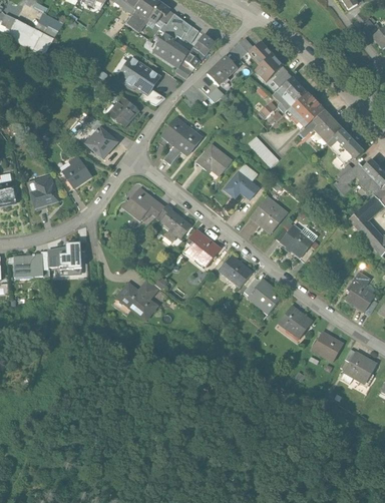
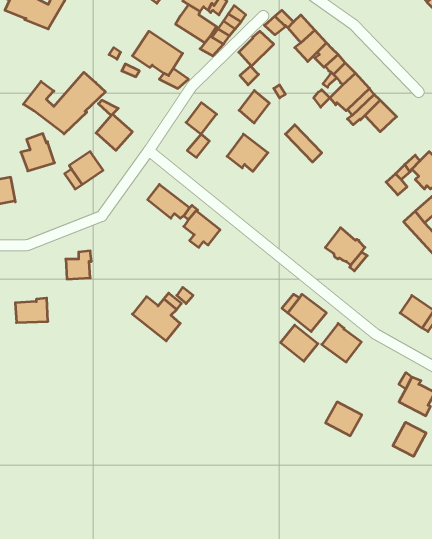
building: none -> [23,72,105,134]
building: [106,96,137,124] -> none
building: [174,126,201,154] -> [239,90,269,123]
building: [326,128,363,165] -> none
building: [223,171,258,199] -> none
building: [29,175,58,207] -> [21,134,55,171]
building: [250,196,287,231] -> none
building: [185,228,221,266] -> none
building: [13,254,41,275] -> [15,298,48,323]
building: [220,257,252,288] -> [281,325,318,361]
building: [312,333,343,362] -> [326,402,362,436]
building: none -> [393,422,426,456]

